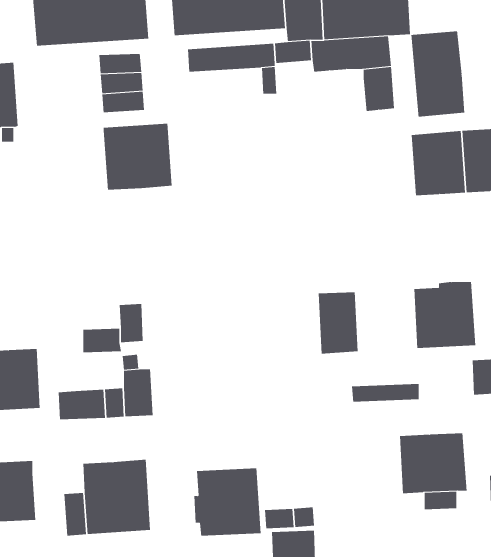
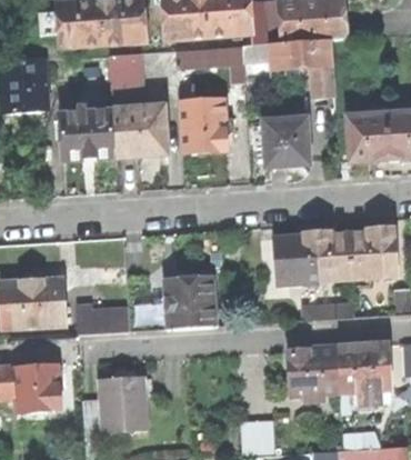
building: [411,30,465,117] -> none
building: none -> [180,100,225,152]
building: none -> [59,107,116,161]
building: none -> [264,119,309,166]
building: none -> [305,231,352,281]
building: none -> [290,346,341,396]
building: [193,468,262,536] -> [163,277,215,329]

